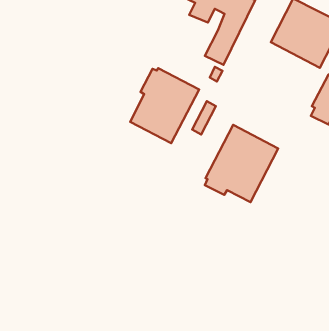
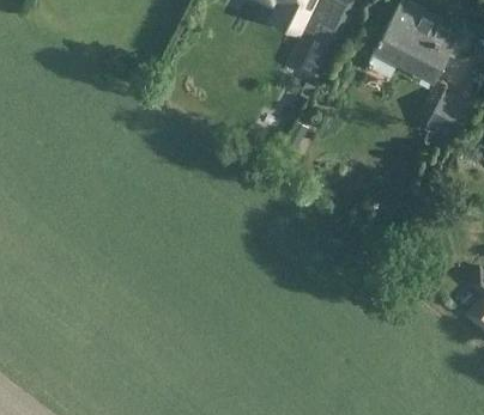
building: [130,68,199,143] -> none
building: [205,125,278,202] -> none

